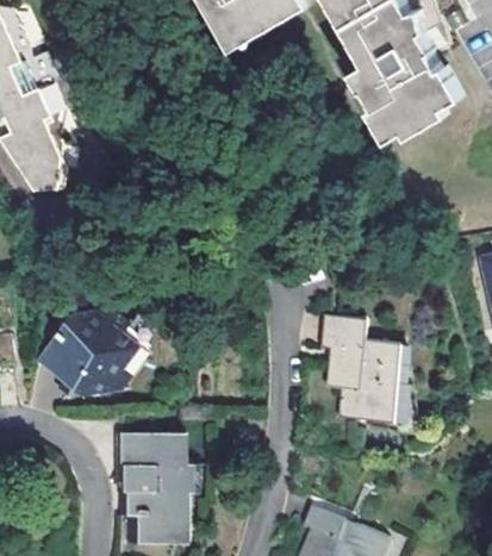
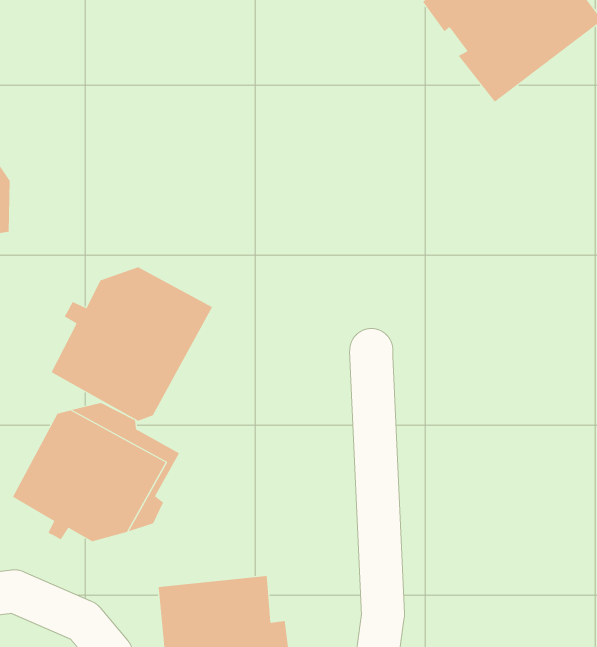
building: none -> [51,266,213,422]
building: [316,314,398,423] -> none

